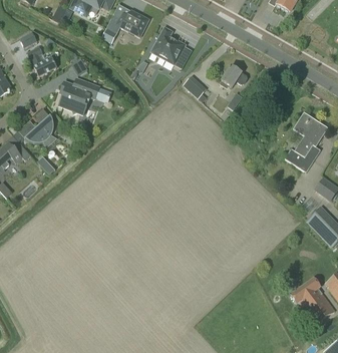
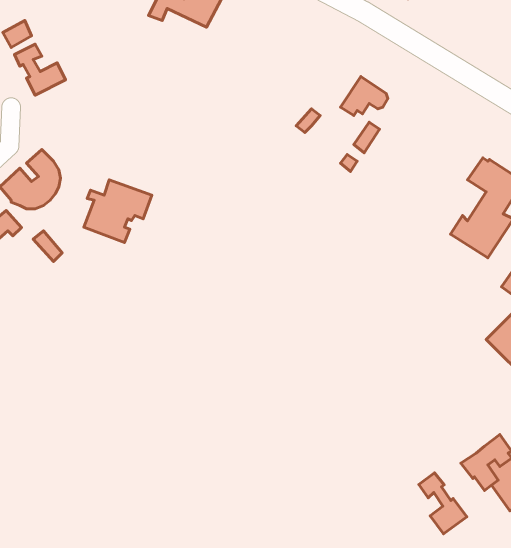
building: [150,27,192,66] -> none
building: [60,76,100,113] -> [84,180,152,243]
building: none -> [419,473,467,534]

